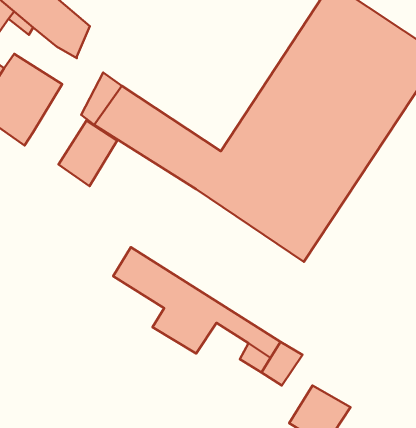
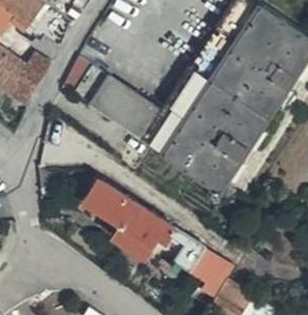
building: [58,120,117,186] -> none

